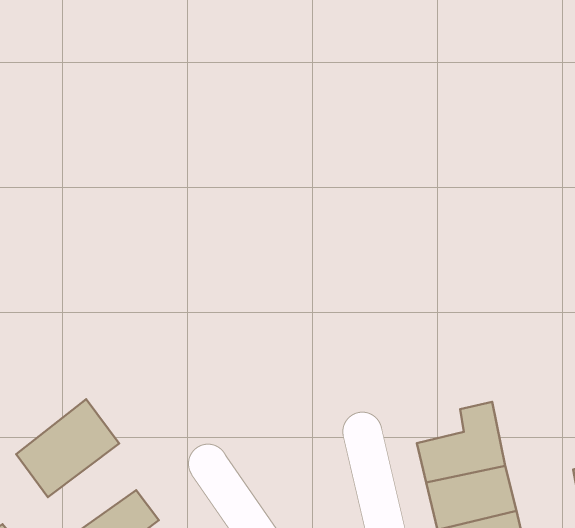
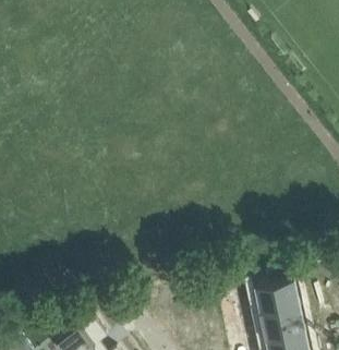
building: [16,399,119,497] -> none

